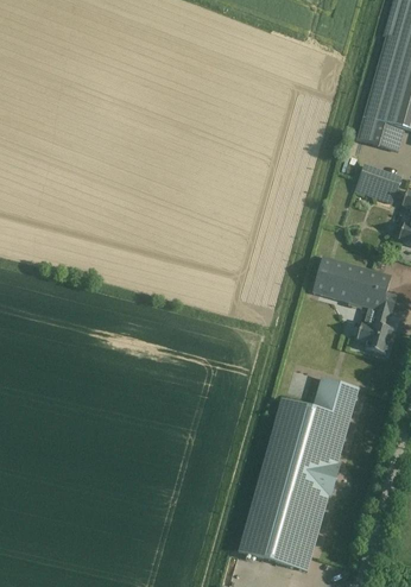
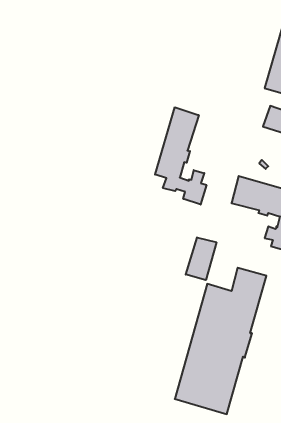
building: none -> [155,107,206,205]
building: none -> [186,237,216,280]

